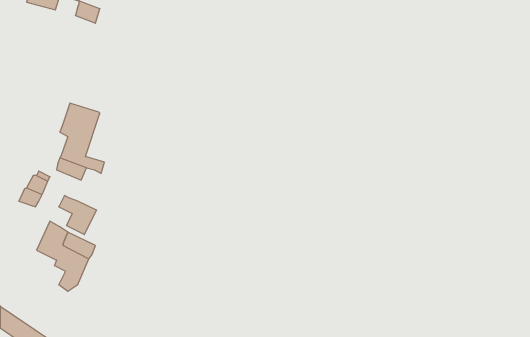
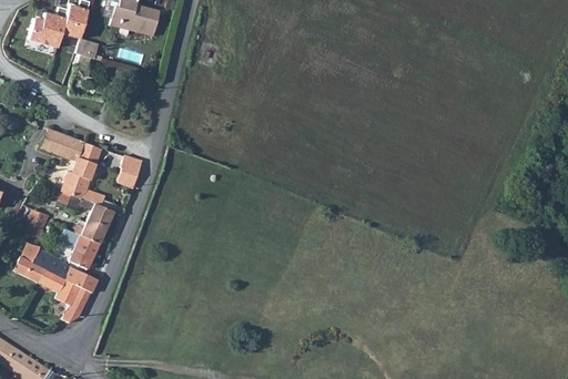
building: none -> [41,130,72,158]
building: none -> [118,156,143,190]
building: none -> [80,205,114,245]
building: none -> [14,243,52,285]

